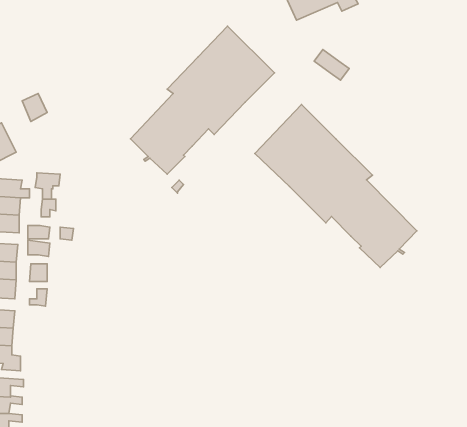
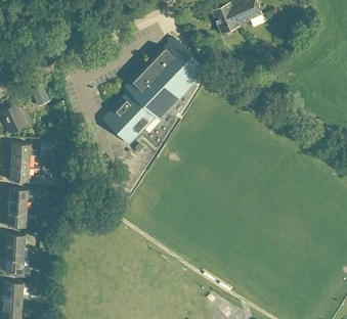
building: [255,104,417,268] -> none

